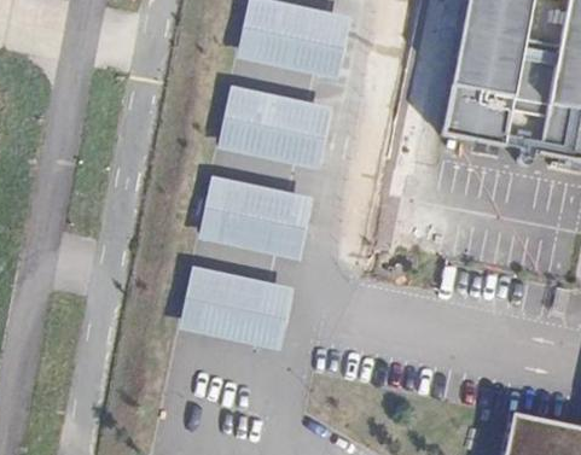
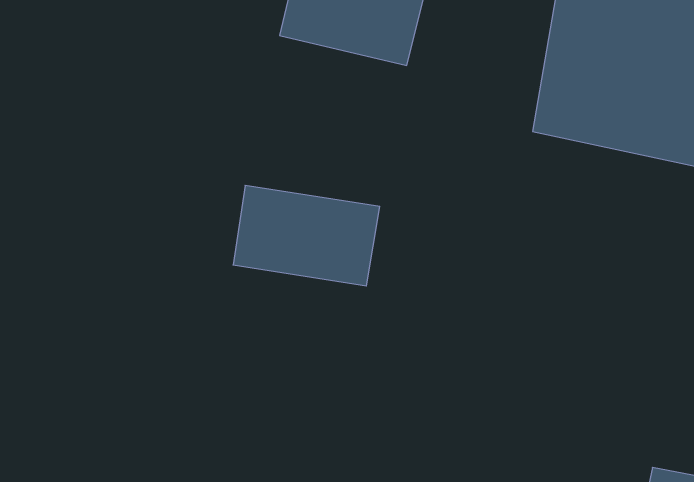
building: [217,88,333,165] -> none
building: [178,266,294,349] -> none

